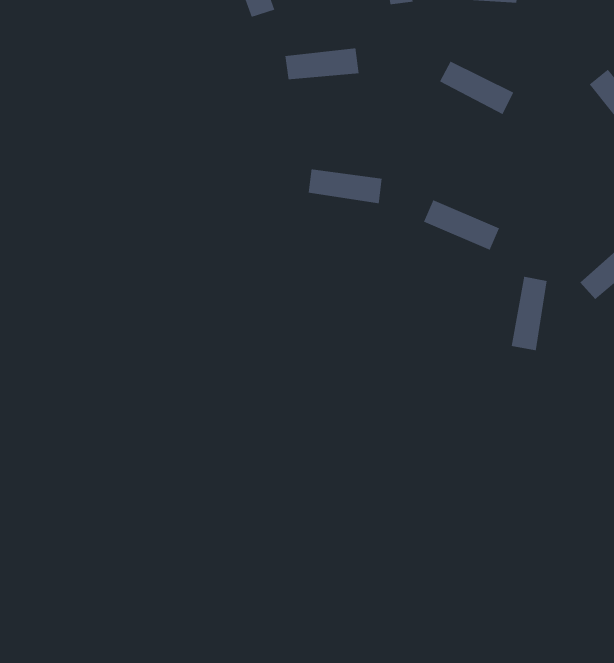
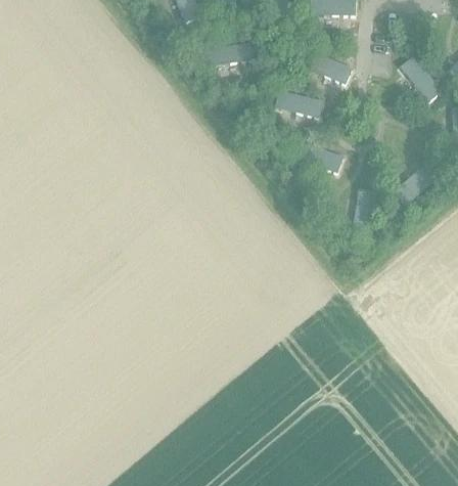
building: [308,169,383,204] -> [275,89,323,112]

